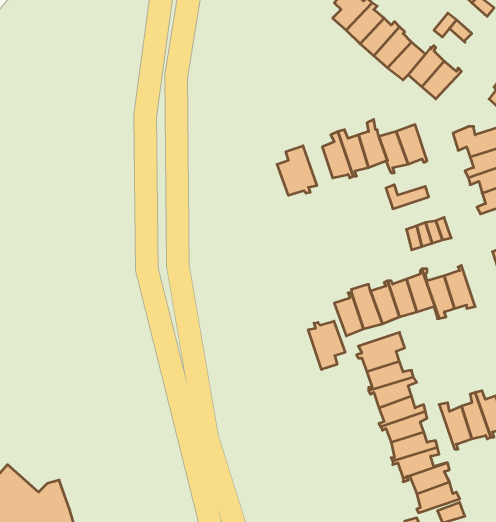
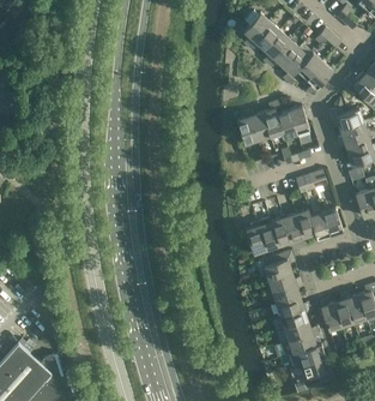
building: [277,146,317,195] -> none
building: [308,321,345,370] -> none

